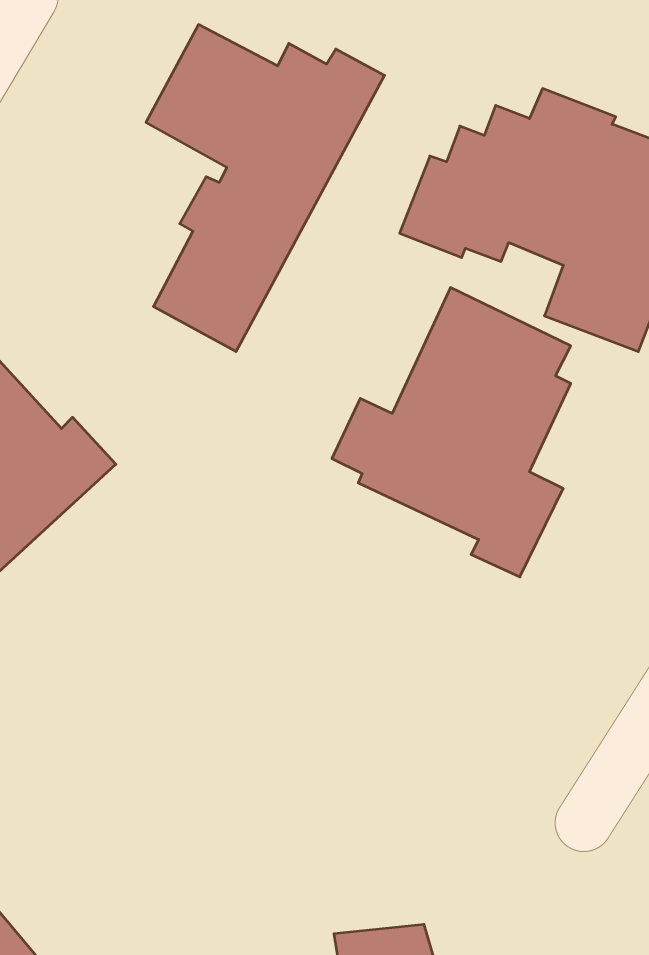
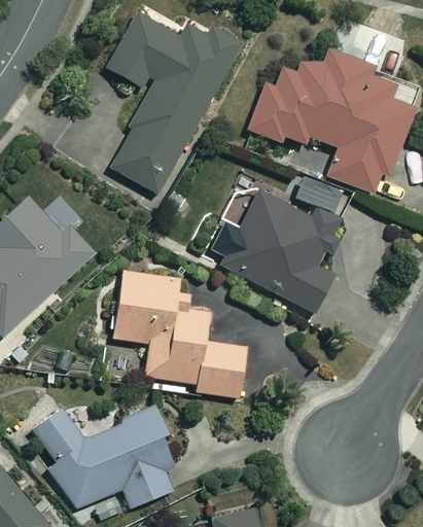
building: none -> [113,271,246,397]
building: none -> [33,405,182,512]

